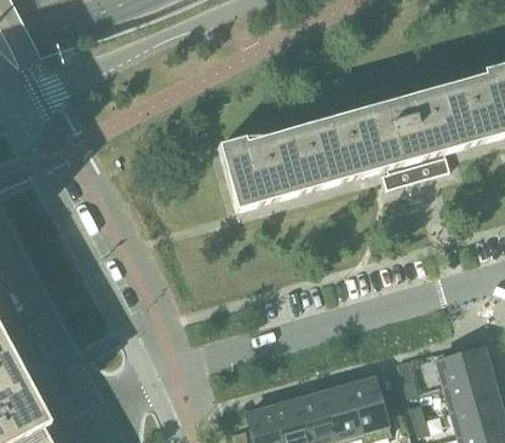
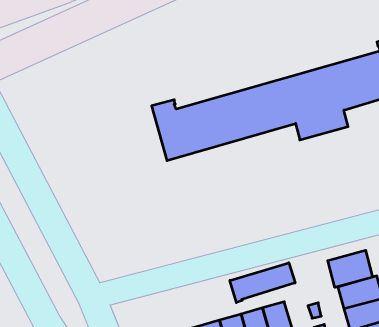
building: none -> [328,250,373,287]
building: none -> [230,263,295,303]

